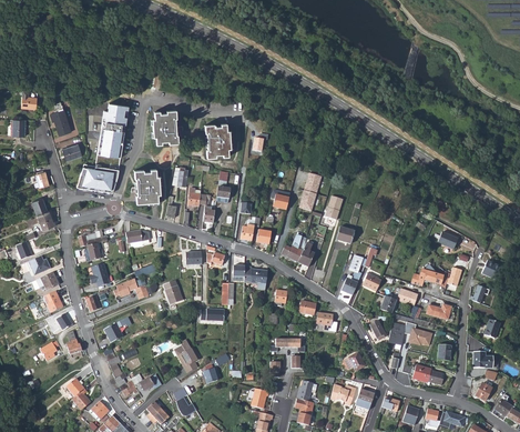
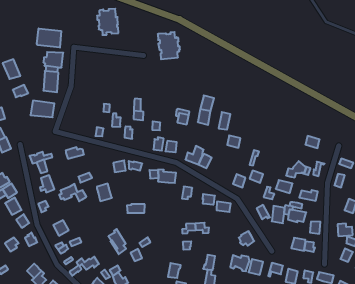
building: none -> [37,28,61,48]
building: [151,110,177,143] -> [97,9,118,35]
building: [204,123,232,158] -> [158,32,180,59]
building: [133,169,161,203] -> none

